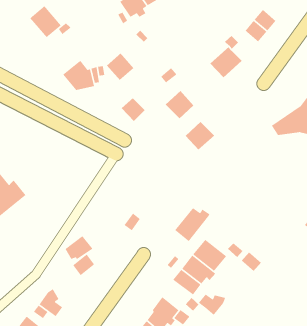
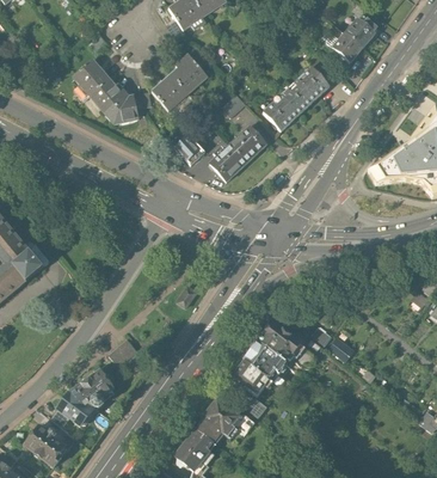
building: [29,5,62,38] -> [70,61,113,104]
building: none -> [170,55,207,96]
building: none -> [261,90,303,131]
building: [185,121,215,150] -> [207,143,246,182]
building: [174,207,210,242] -> none
building: [64,235,94,260] -> [81,366,119,398]
building: [198,293,226,316] -> none

